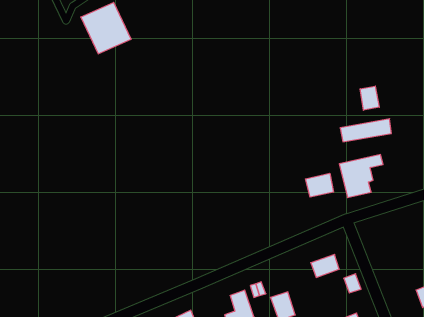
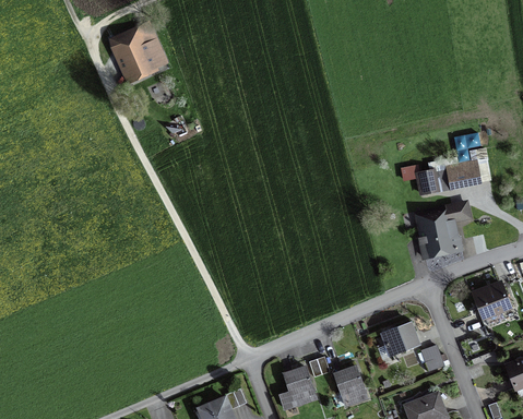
building: [360,86,379,110] -> none
building: [305,173,334,197] -> none
building: none -> [473,284,509,314]

